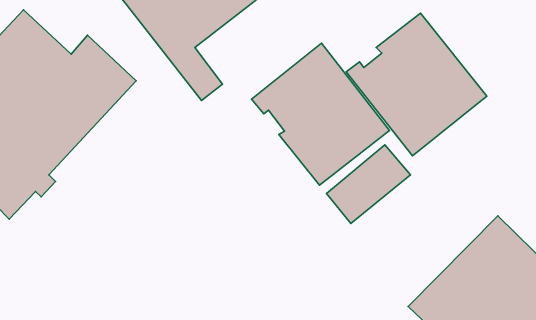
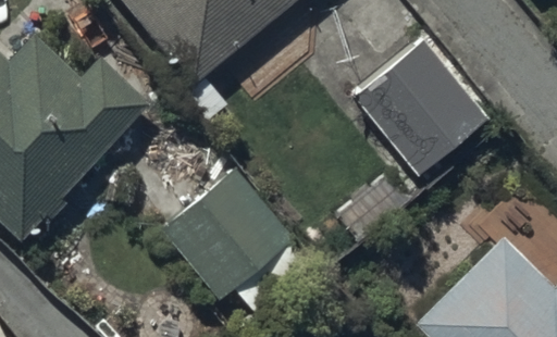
building: [252,43,389,185] -> none
building: none -> [161,164,323,322]

